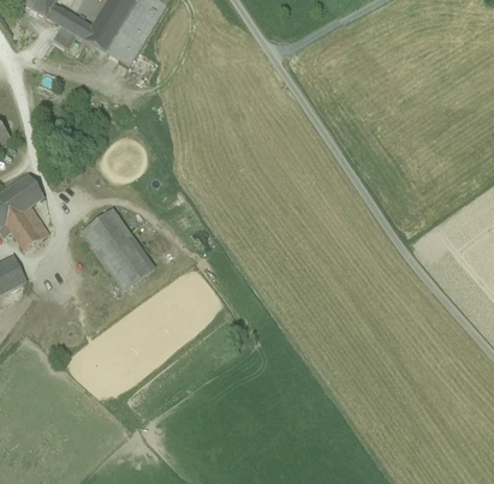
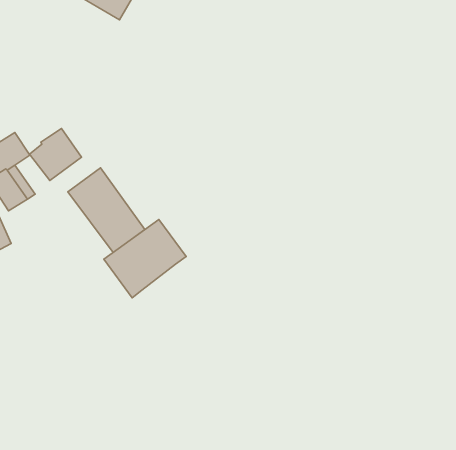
building: none -> [29,128,82,180]
building: none -> [104,220,186,298]

